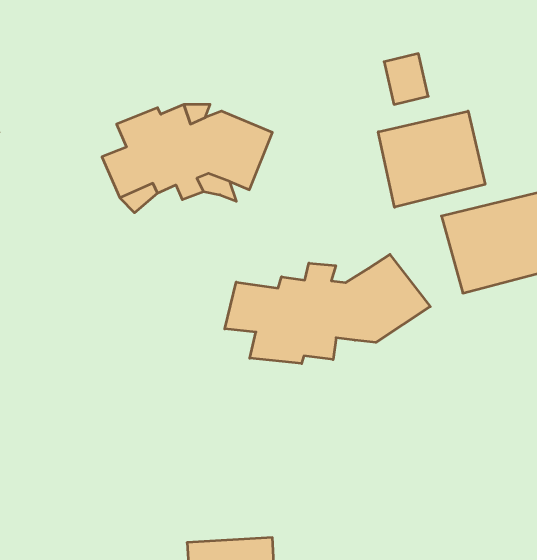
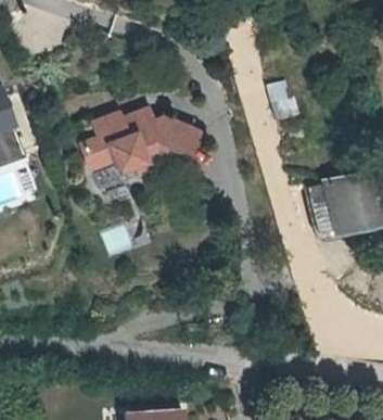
building: [378,111,485,207] -> none
building: [225,254,430,364] -> none

